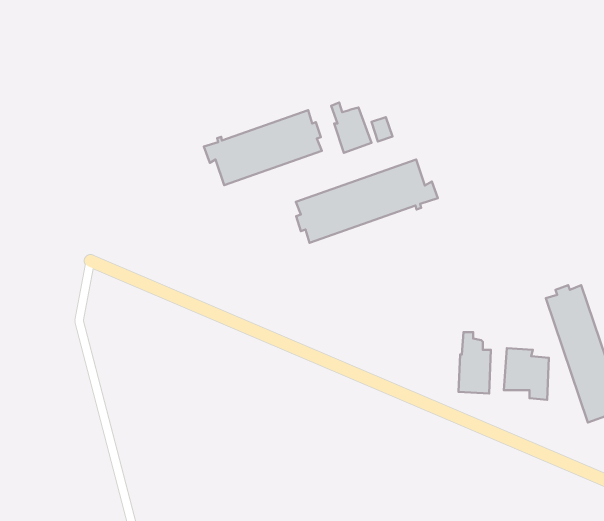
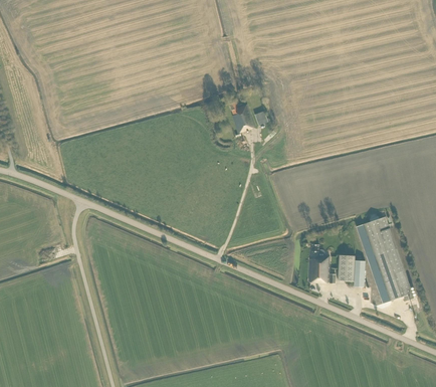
building: [204,110,322,185] -> none
building: [296,159,438,243] -> none

